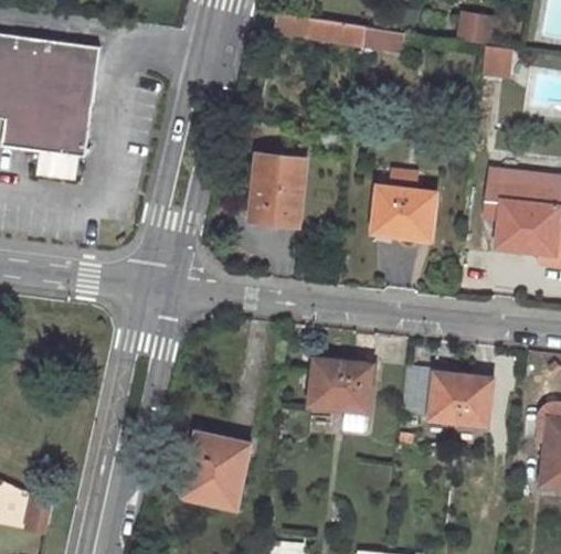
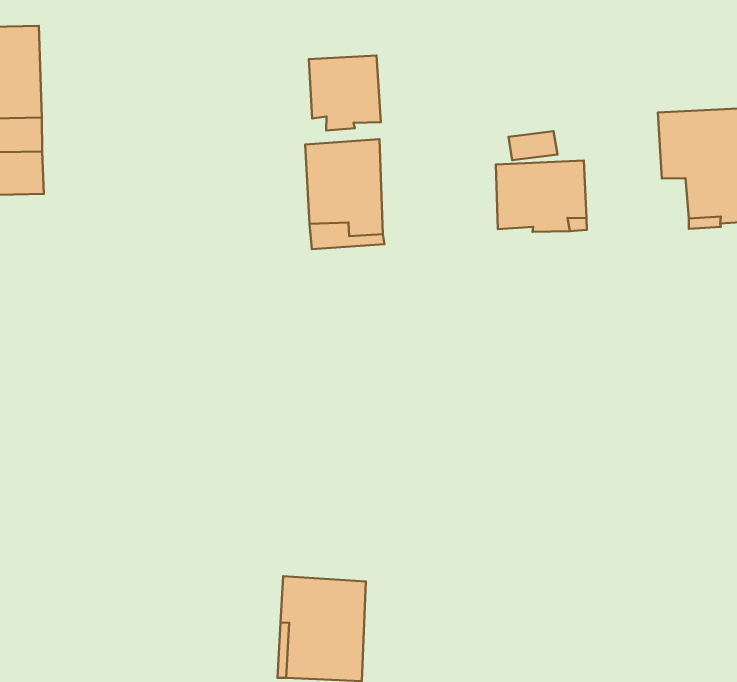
building: none -> [309,56,381,130]
building: [310,358,373,432] -> none
building: [401,364,493,424] -> none

